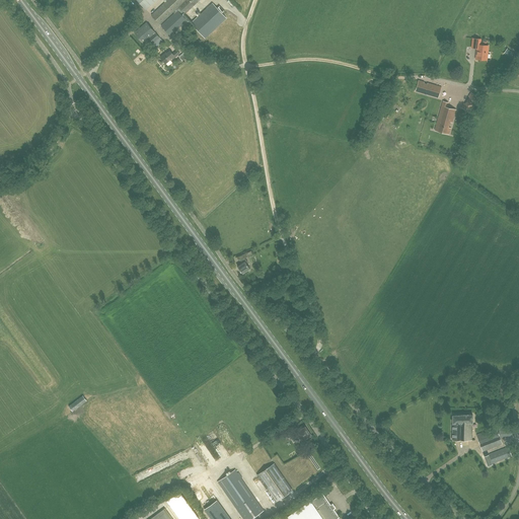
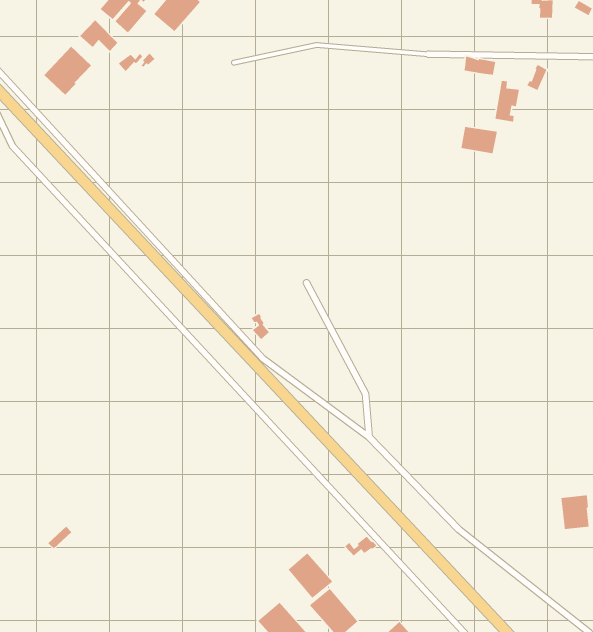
building: none -> [44,46,92,96]
building: none -> [461,126,498,154]
building: none -> [287,552,333,599]

